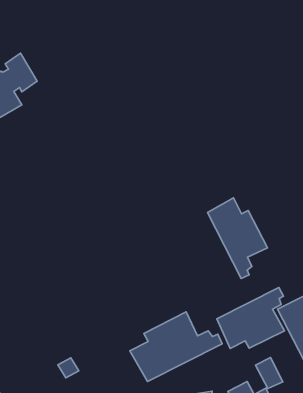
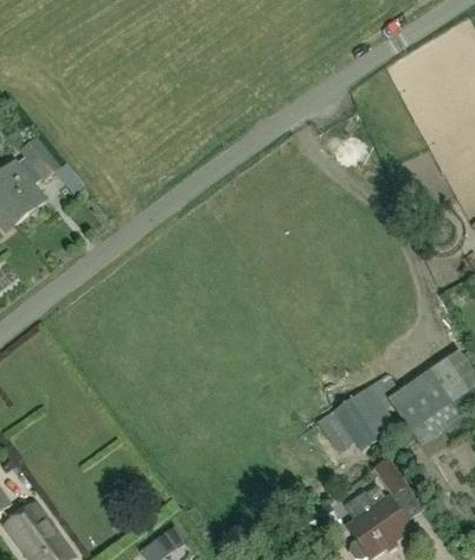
building: [208,198,268,279] -> none
building: [130,312,222,382] -> none

